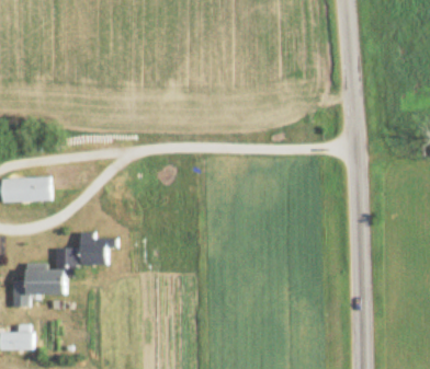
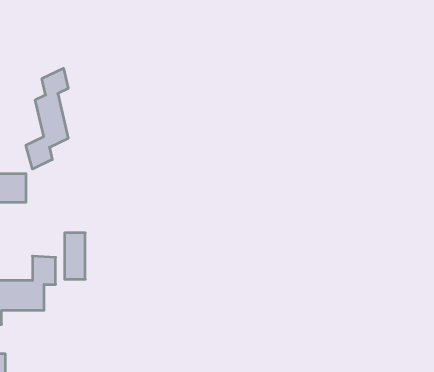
building: none -> [26,68,68,169]

